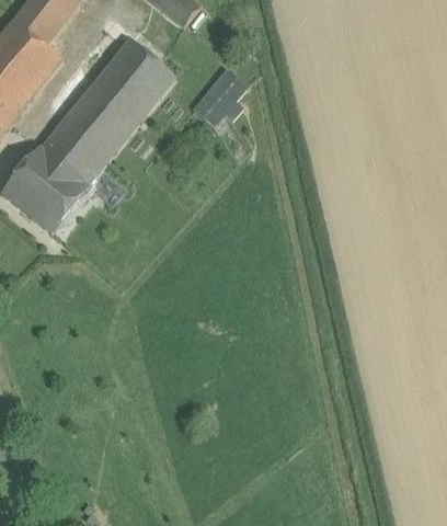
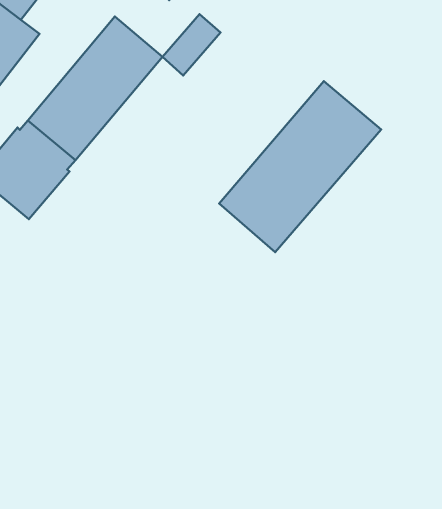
building: [194,69,249,127] -> [162,14,220,75]
building: none -> [219,81,381,252]

